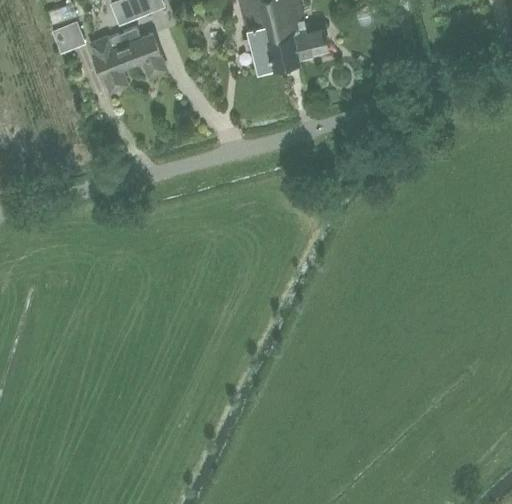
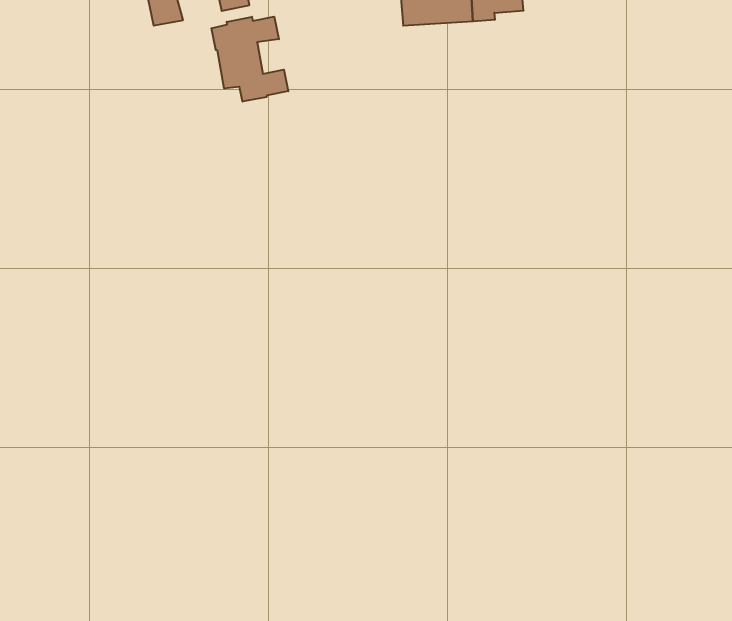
building: none -> [211,17,288,102]

